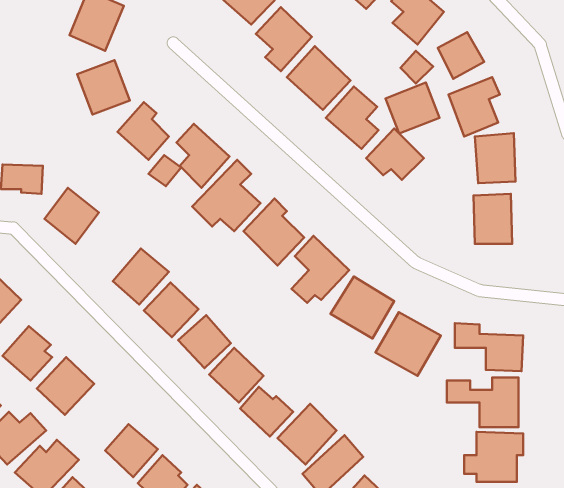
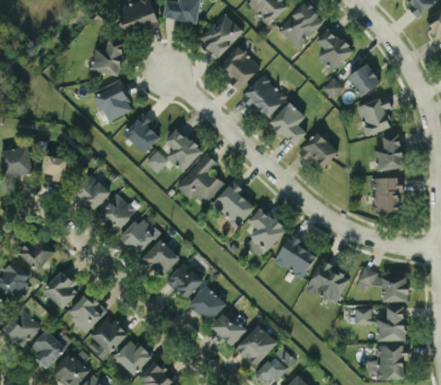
building: [385,83,440,134] -> none
building: none -> [95,192,136,233]
building: none -> [90,316,129,360]

